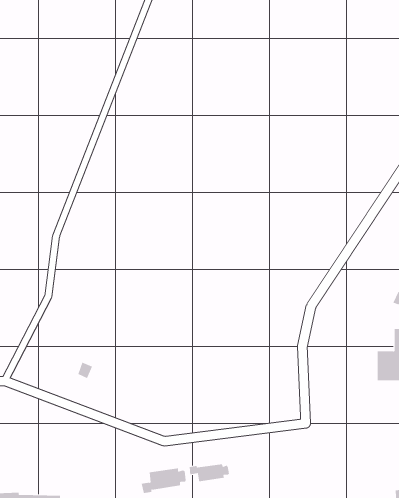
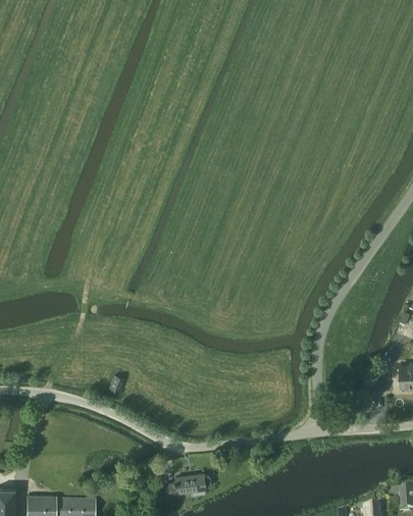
building: [189,463,229,482] -> none

